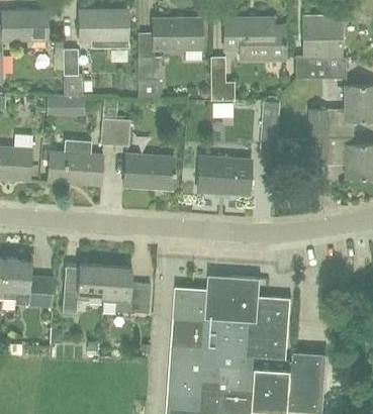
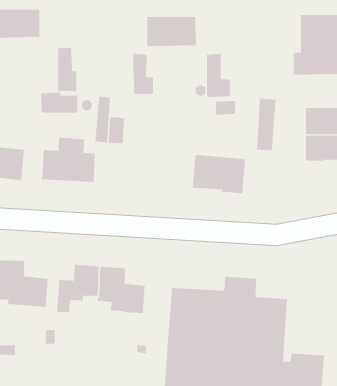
building: [79,10,127,47] -> none
building: [224,17,284,60] -> none
building: [122,152,172,189] -> none

